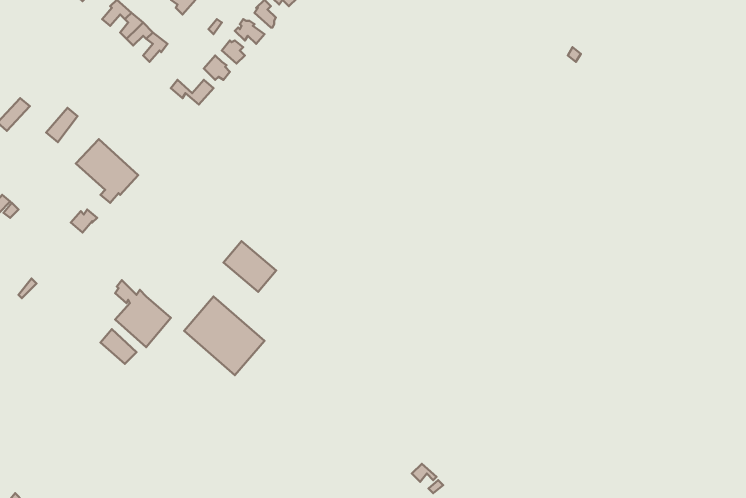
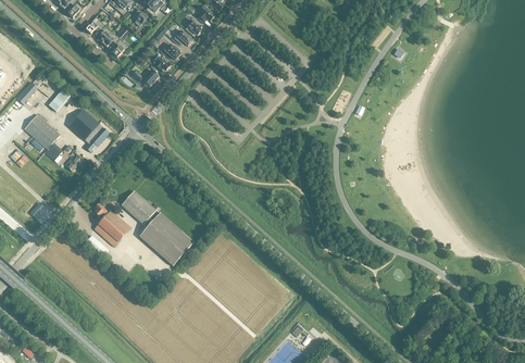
building: none -> [24,113,62,160]
building: [224,241,276,292] -> [121,190,155,224]

